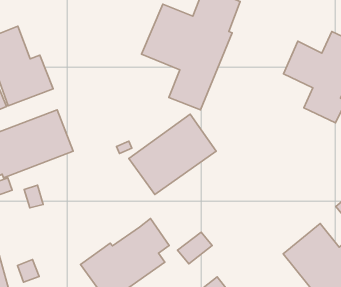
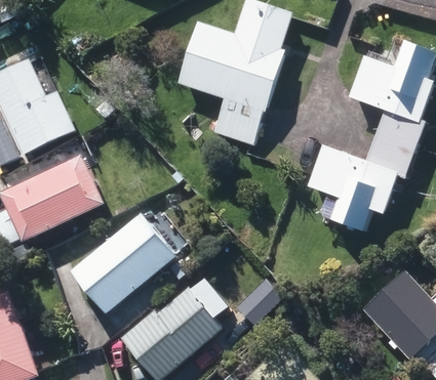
building: none -> [308,133,414,231]
building: [129,114,216,194] -> [72,213,175,311]

